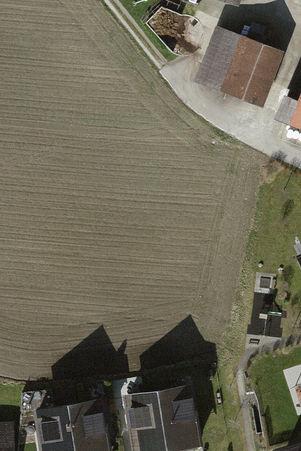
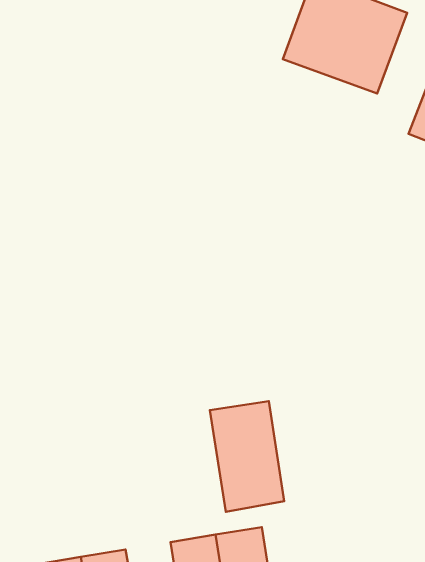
building: none -> [210,401,284,512]

